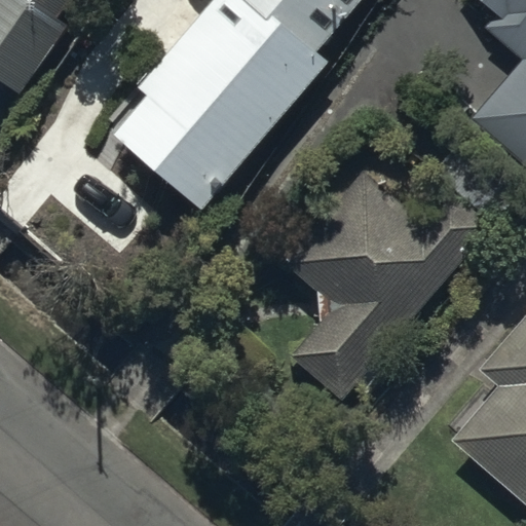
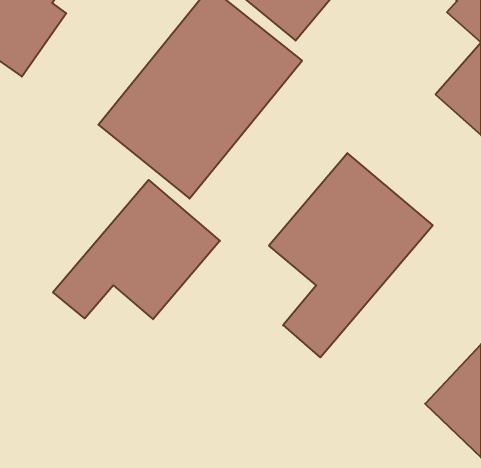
building: none -> [53,180,220,319]

